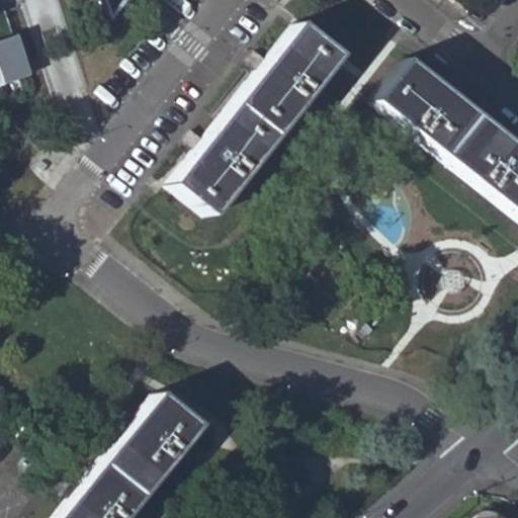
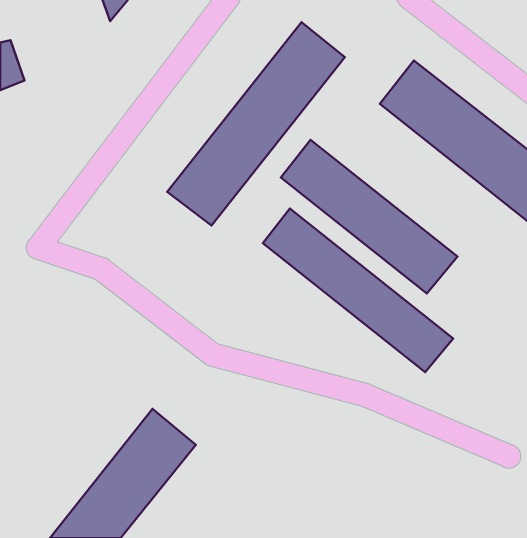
building: none -> [281,140,457,294]
building: none -> [263,209,453,372]

